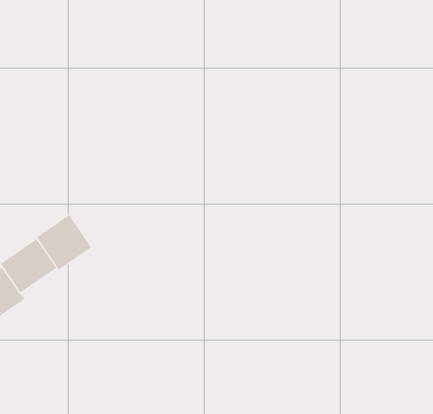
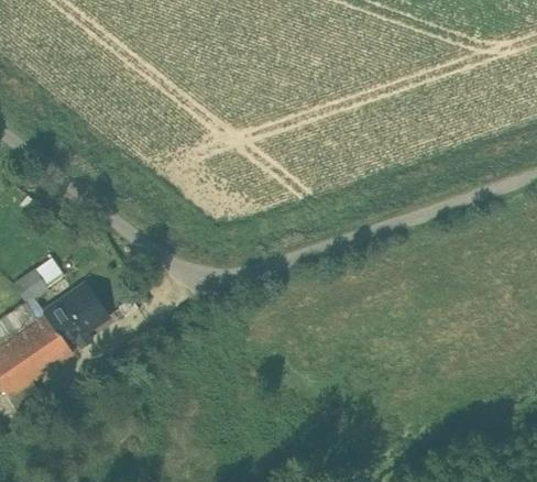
building: [36,214,92,270] -> none

